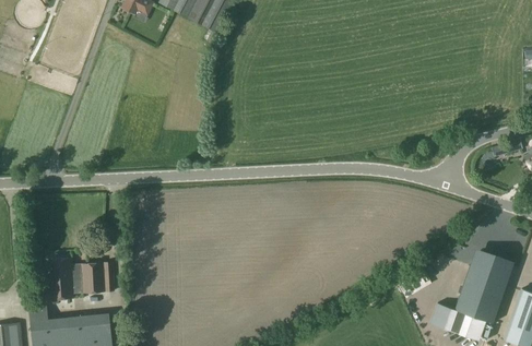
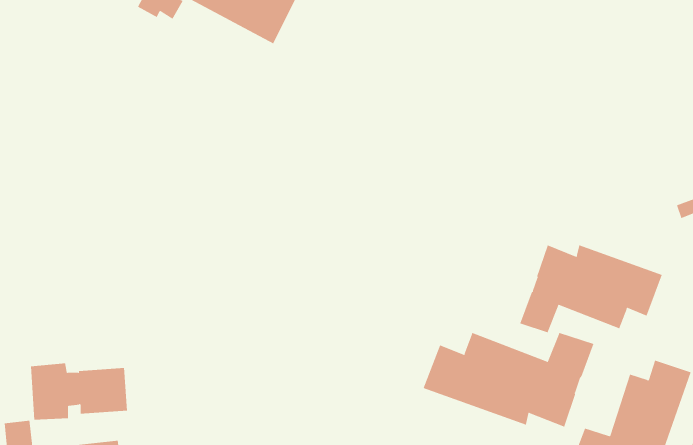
building: none -> [519,245,663,333]
building: none -> [423,332,594,427]

